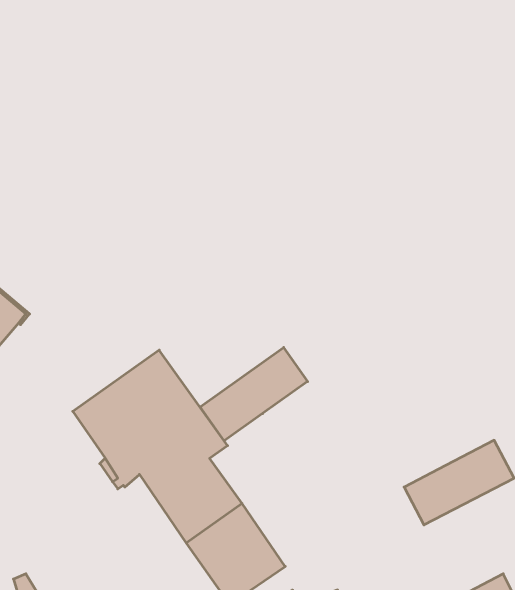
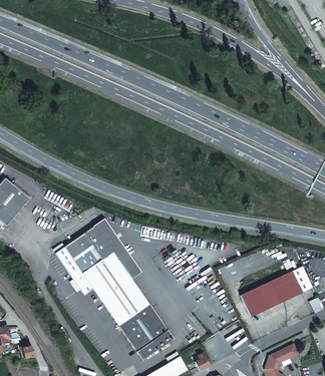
building: [200,347,308,441] -> none

